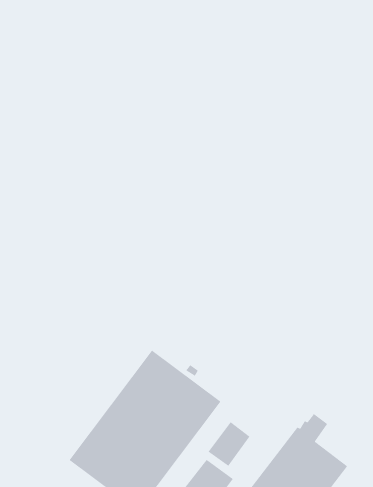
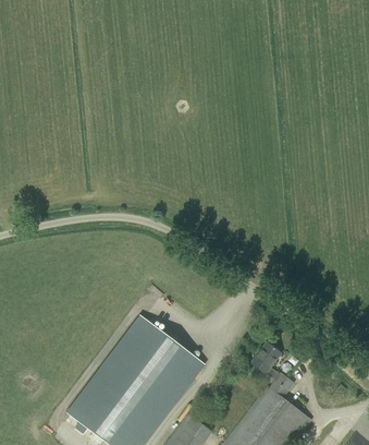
building: none -> [251,341,282,381]
building: [207,421,250,467] -> none

